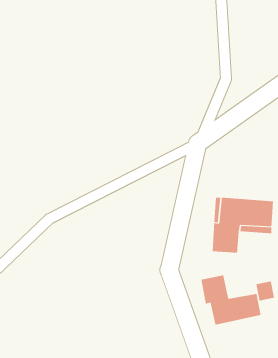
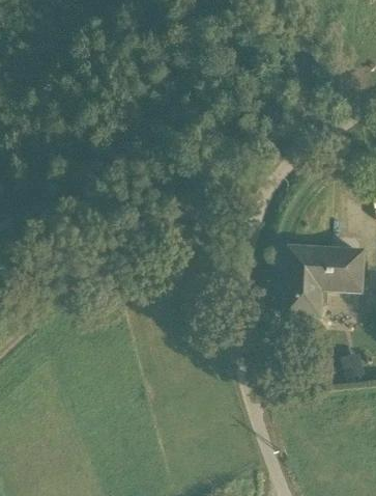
building: [201,275,261,325] -> none

